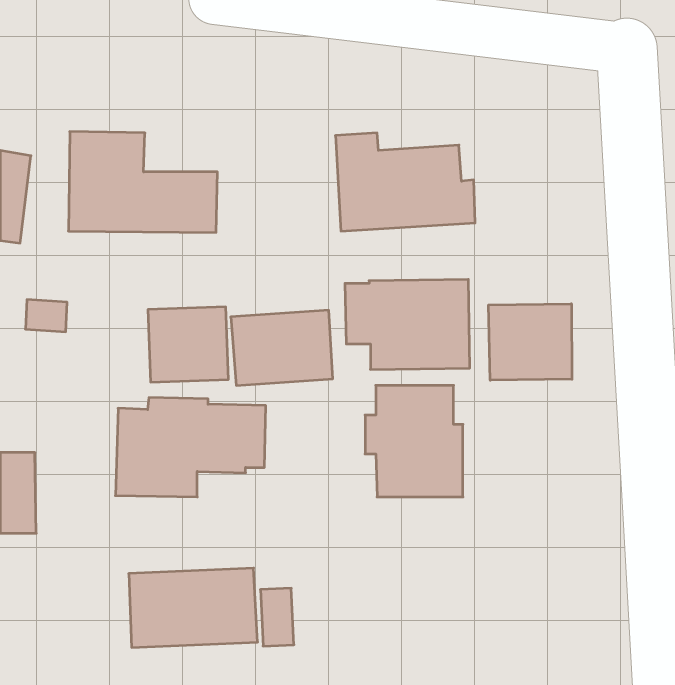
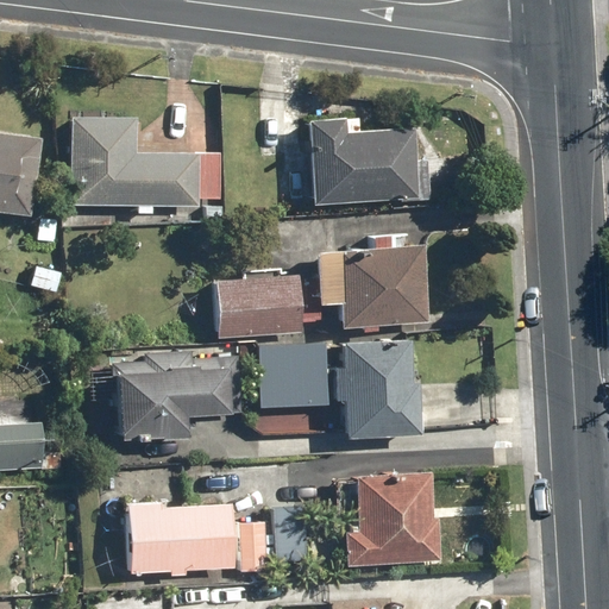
building: [489,304,572,380] -> none
building: [148,307,228,382] -> [258,343,329,409]
building: none -> [345,471,441,566]

